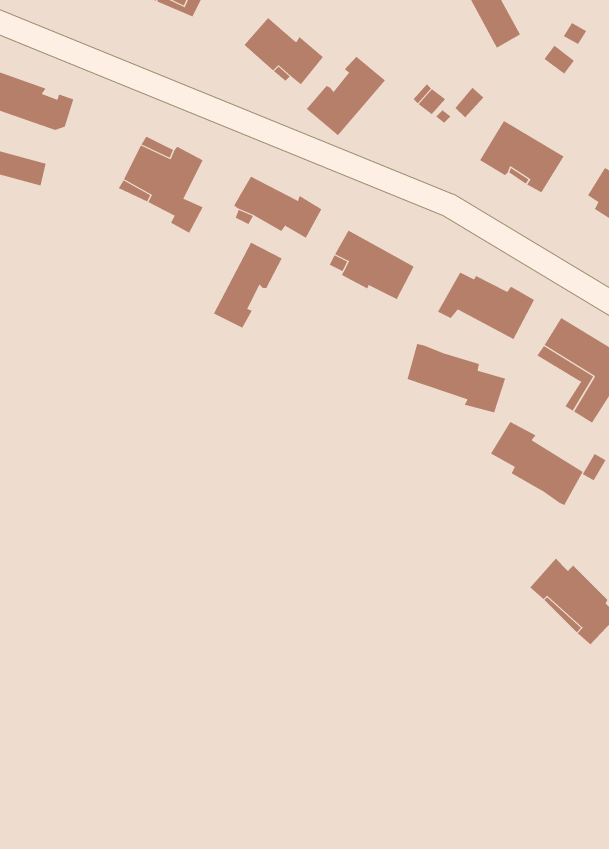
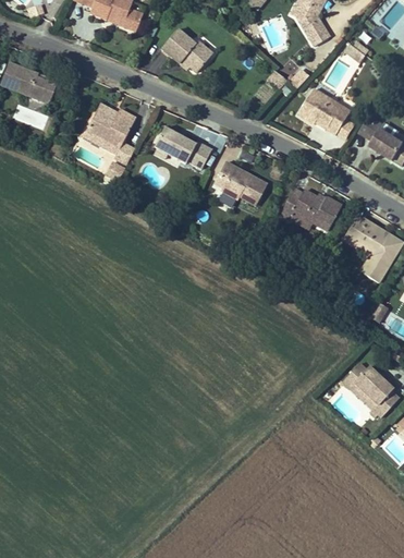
building: [306,56,386,136] -> none
building: [213,242,282,328] -> none
building: [407,343,506,413] -> none
building: [490,421,583,506] -> none

